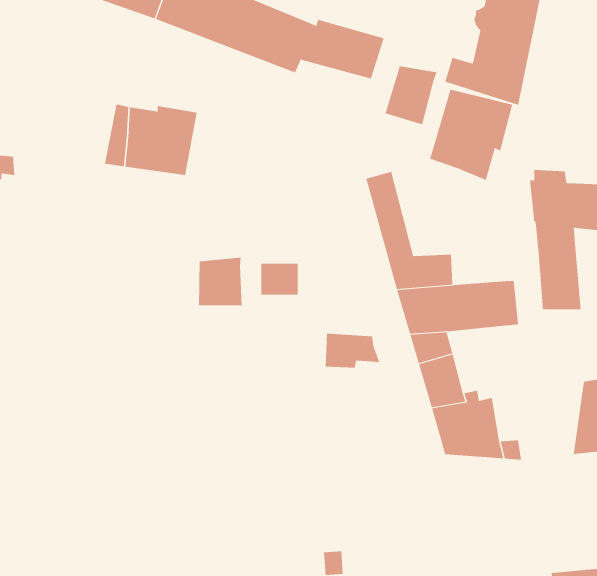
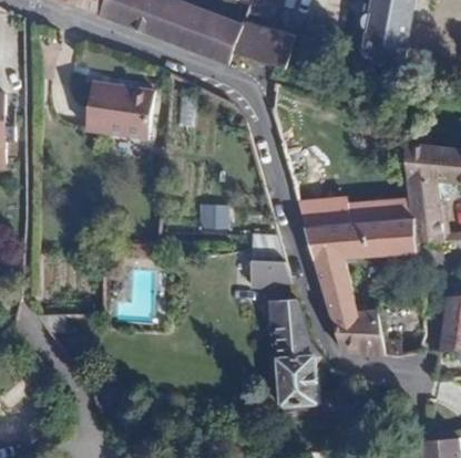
building: [385,65,437,125] -> none
building: [430,89,513,181] -> none
building: none -> [388,198,418,252]
building: [199,257,242,306] -> none
building: none -> [273,302,319,406]

